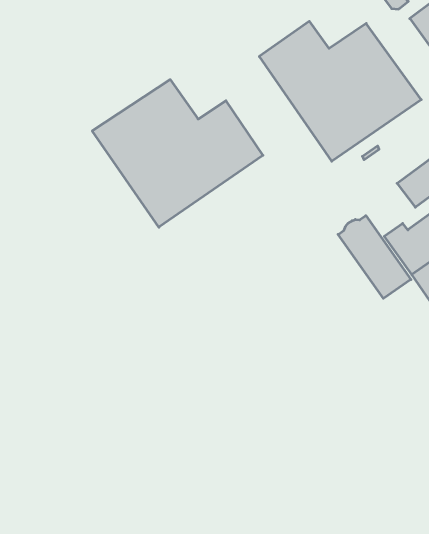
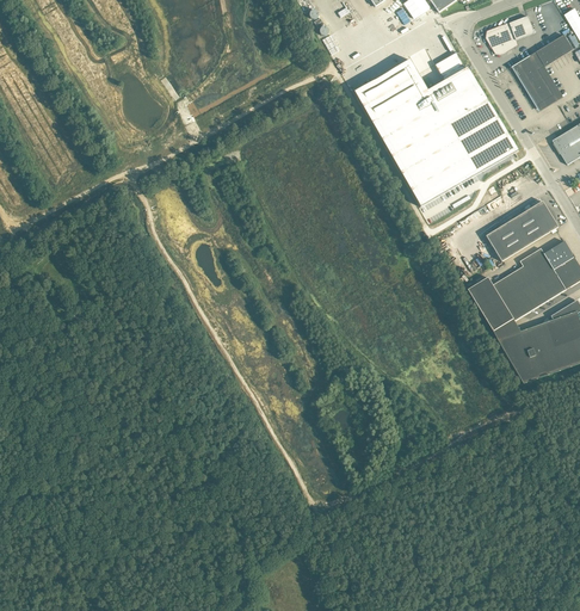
building: [92,80,263,227] -> none
building: [338,216,411,298] -> none

